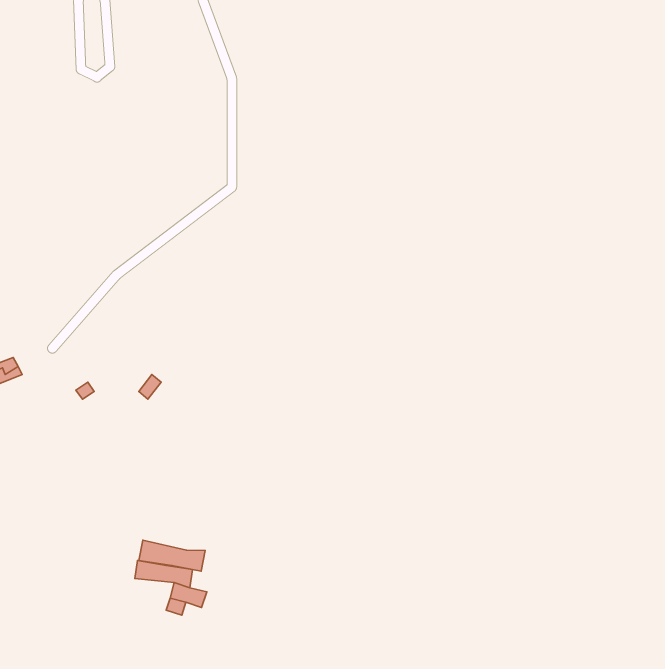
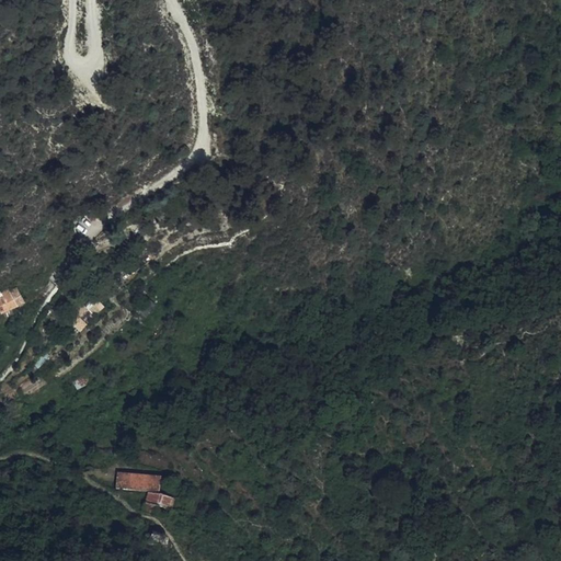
building: [139,540,205,571] -> none

